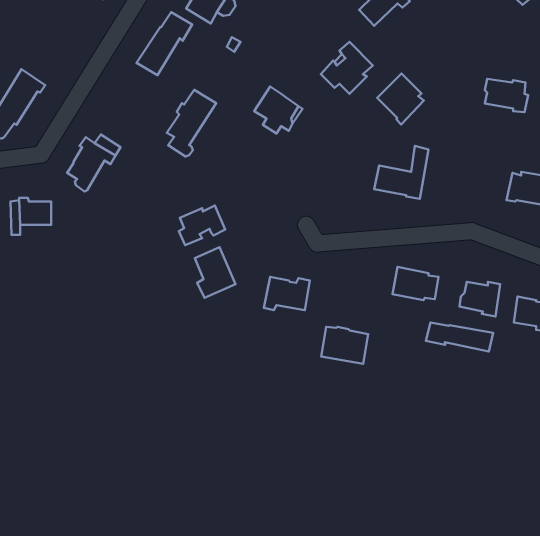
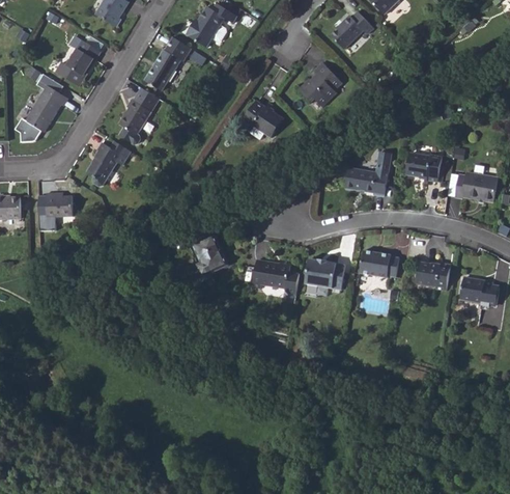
building: none -> [56,39,101,87]
building: [377,74,424,125] -> none
building: [485,79,528,112] -> [405,150,442,179]
building: [167,90,216,156] -> [118,87,160,143]
building: [179,206,225,245] -> none
building: [426,322,493,351] -> none
building: [321,327,368,364] -> [305,258,344,290]

